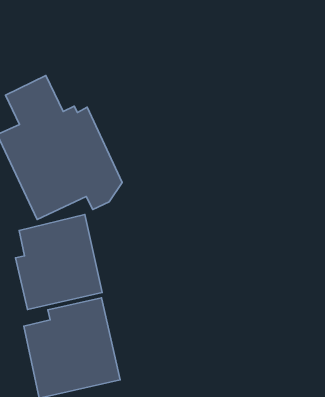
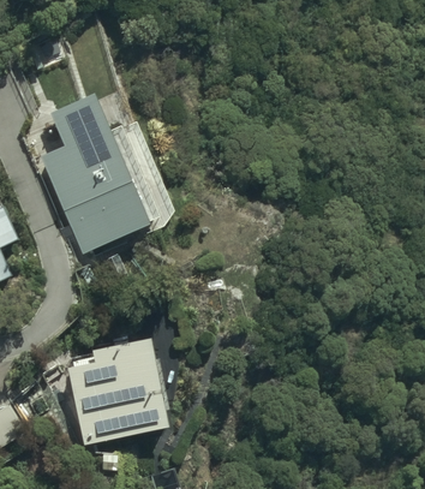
building: [16,215,102,310] -> none

